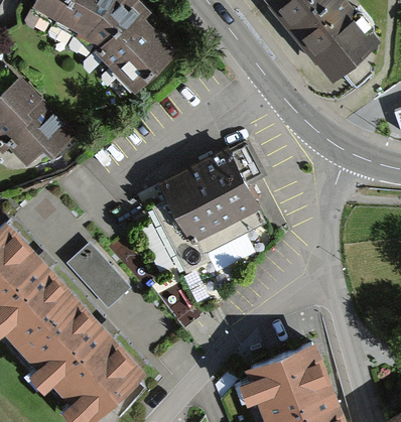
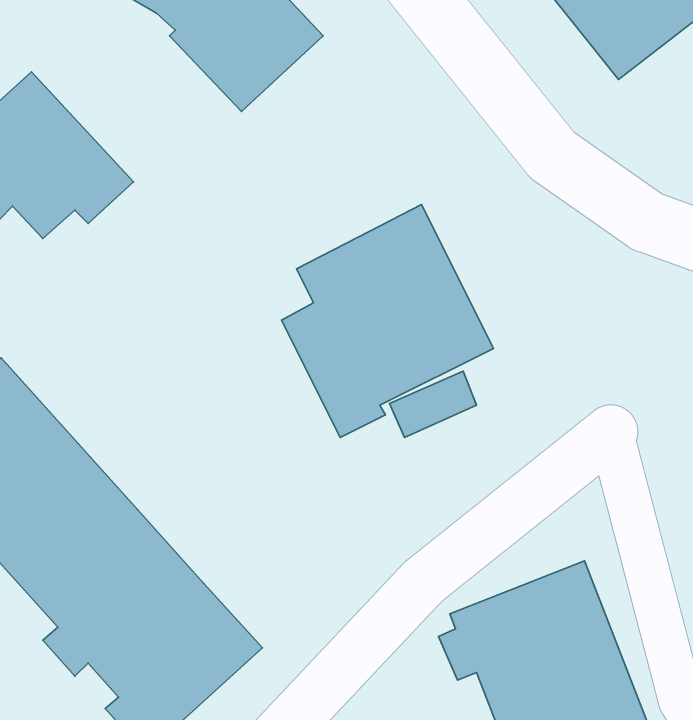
building: [69,247,132,311] -> none

